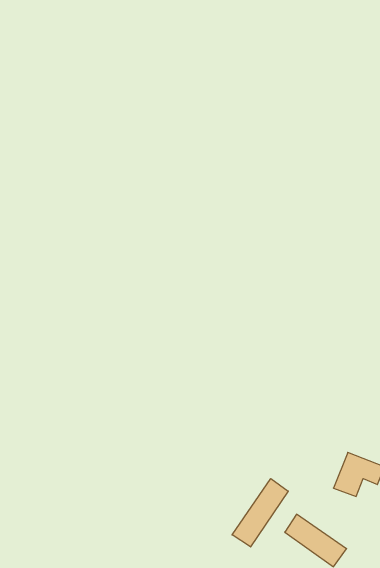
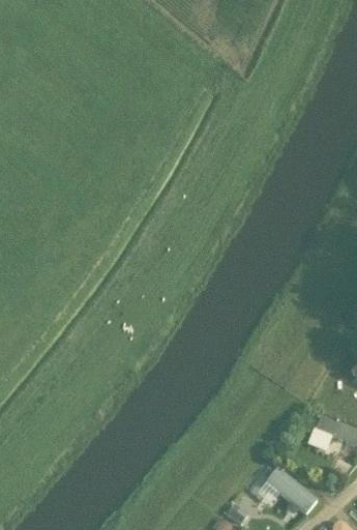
building: [232,479,288,547] -> none

